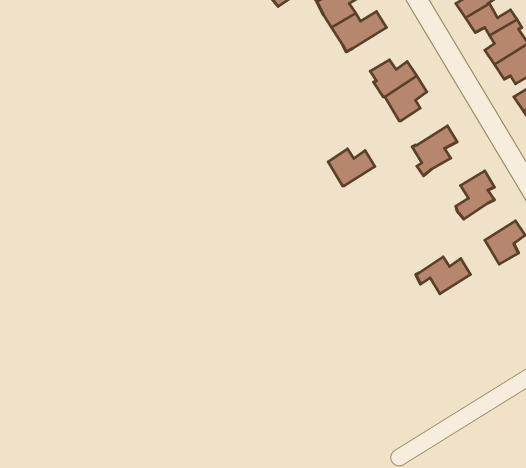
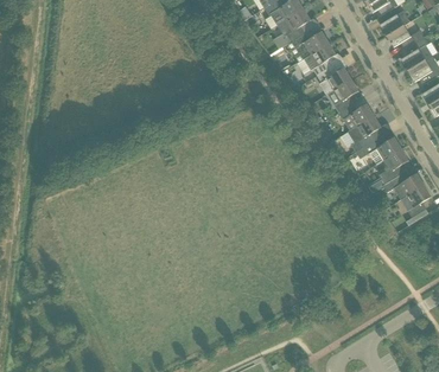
building: none -> [304,43,336,75]
building: [328,149,375,186] -> [339,102,374,129]
building: none -> [362,136,401,163]
building: [416,257,471,294] -> [383,172,424,199]

